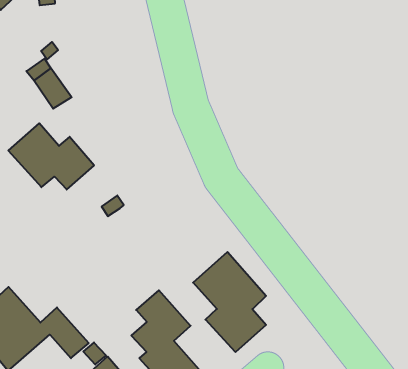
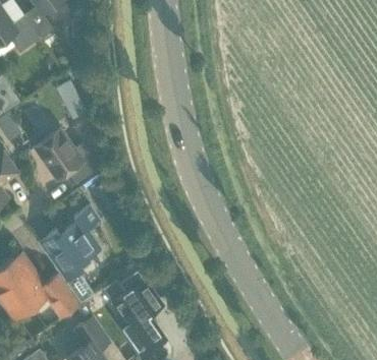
building: none -> [37,205,101,302]
building: [193,252,266,352] -> none

